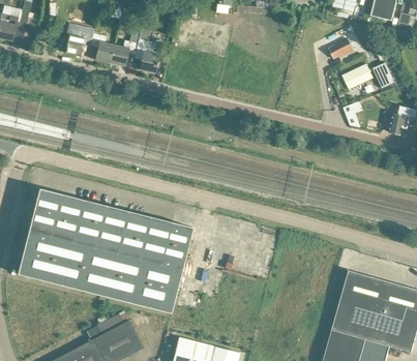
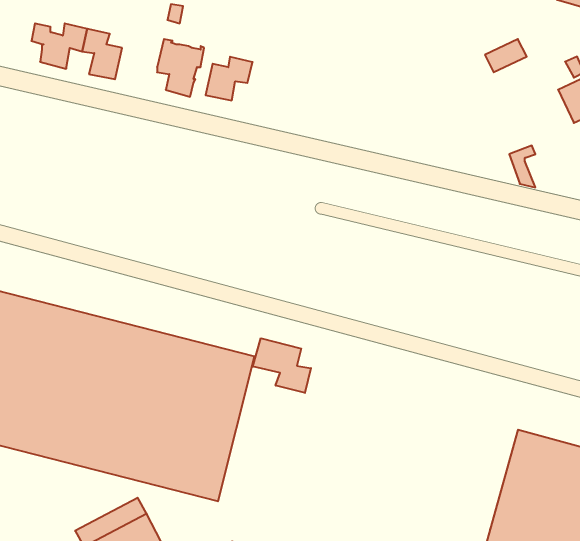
building: [110,40,138,66] -> [206,57,253,100]
building: [342,64,374,90] -> none
building: none -> [253,338,311,393]

